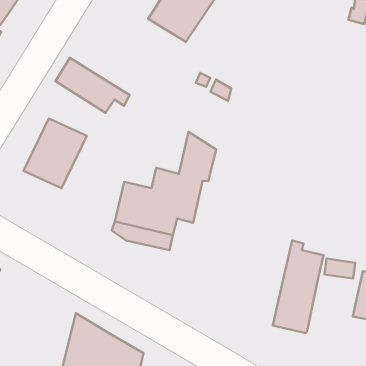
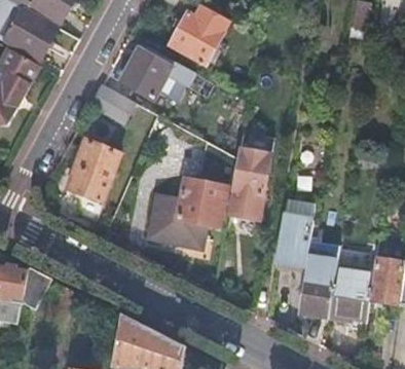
building: none -> [121,43,219,100]
building: none -> [227,131,274,220]
building: none -> [273,207,315,280]
building: none -> [329,267,373,320]

